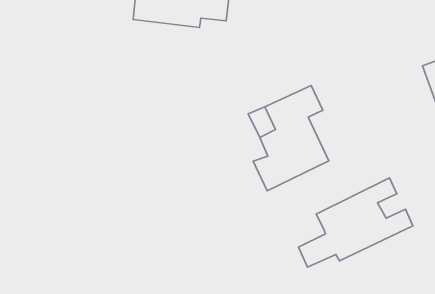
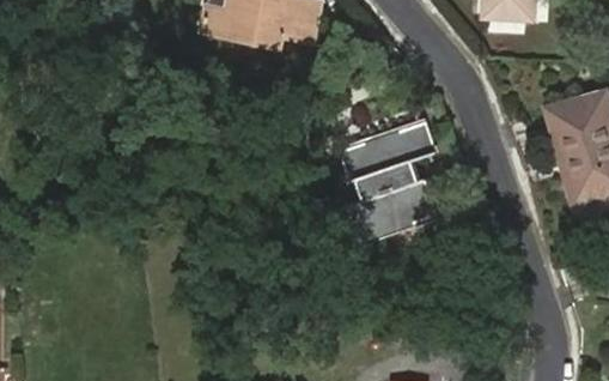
building: [298,178,413,267] -> none

